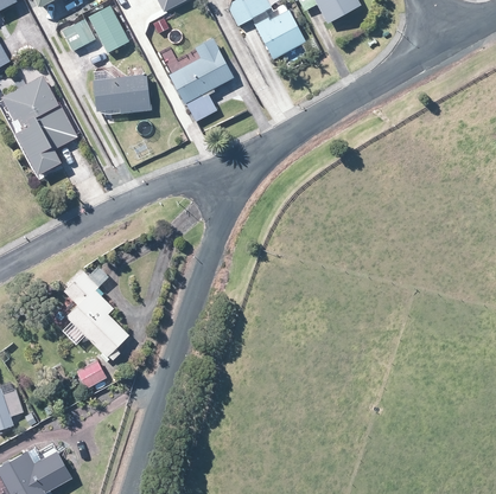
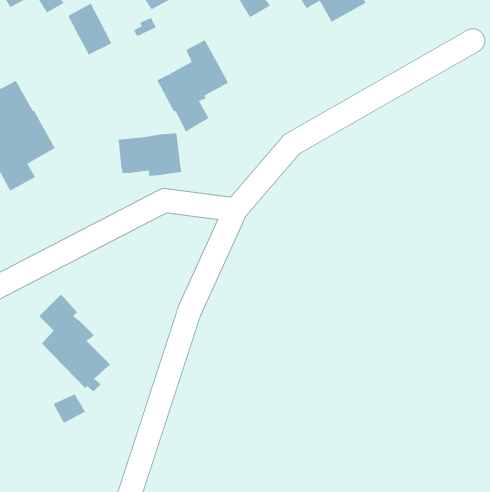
building: [253,11,305,60] -> none
building: [62,19,95,51] -> none
building: [93,75,151,114] -> [118,133,182,176]

